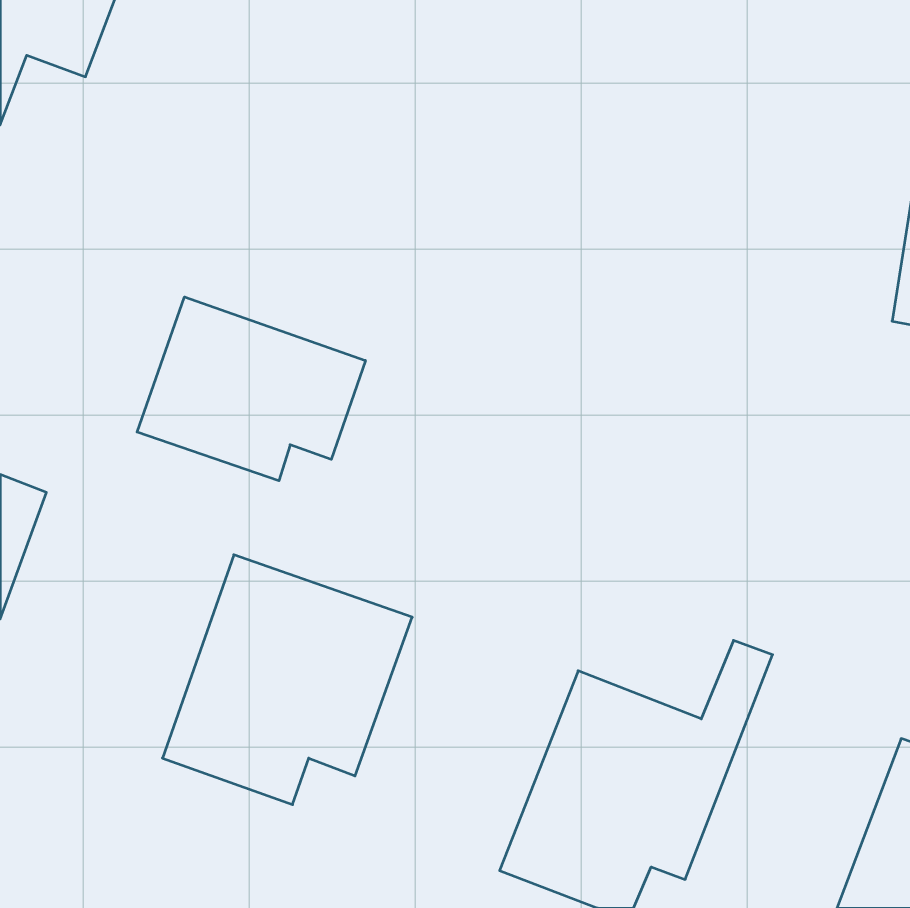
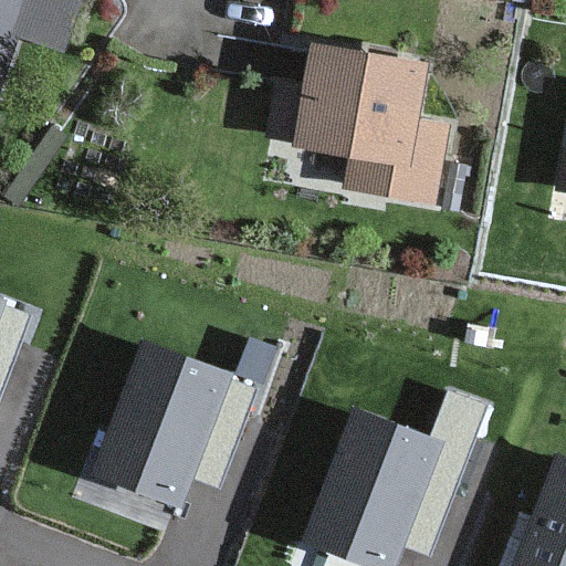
building: none -> [264,42,449,208]
building: [137,297,365,481] -> none

